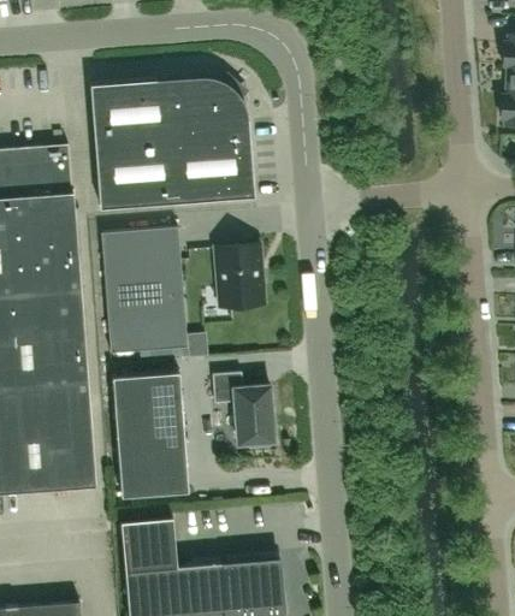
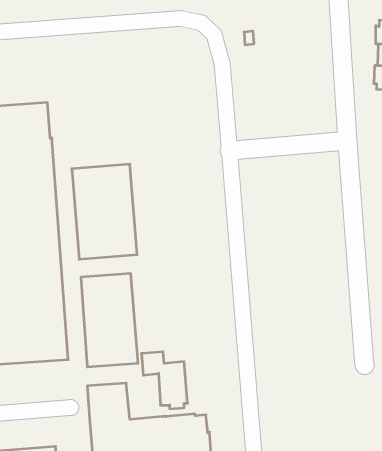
building: [90,77,254,209] -> none
building: [215,245,262,310] -> none
building: [212,373,273,449] -> [141,352,188,409]

